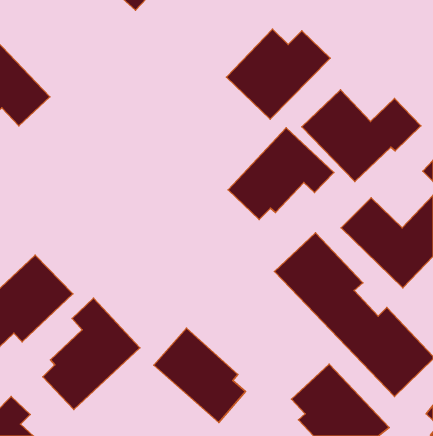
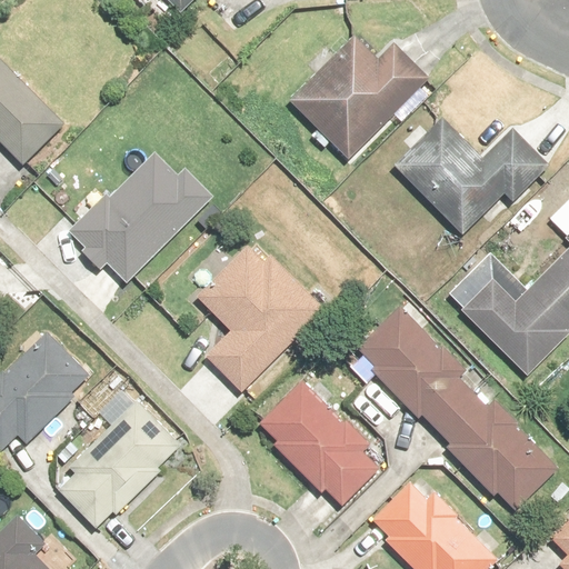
building: none -> [69,154,216,288]
building: [228,128,334,220] -> none
building: none -> [196,241,319,392]
building: [154,328,246,422] -> [261,382,380,505]

